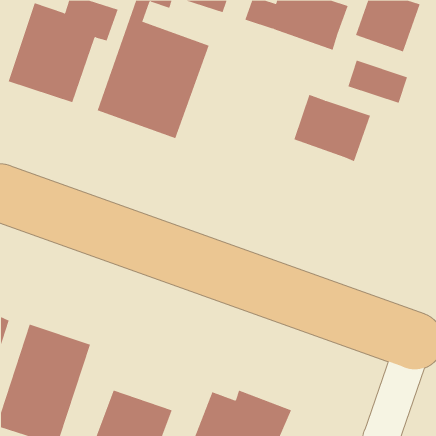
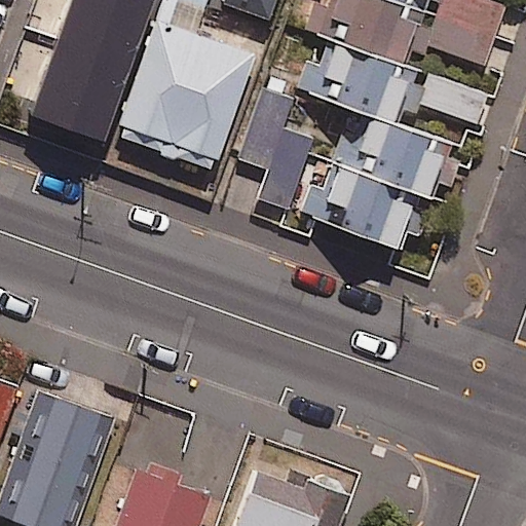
building: none -> [310,37,412,122]
building: none -> [239,85,314,208]
building: none -> [302,157,415,245]

